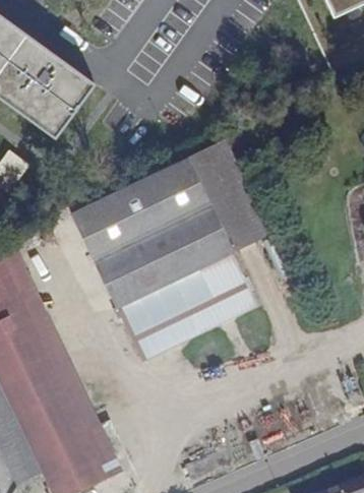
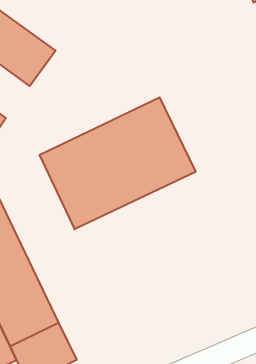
building: [119,253,254,360] -> none

